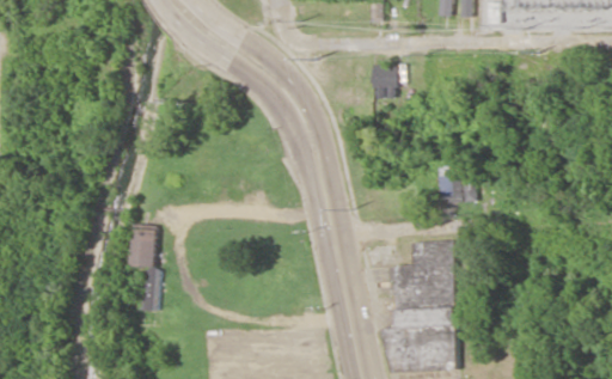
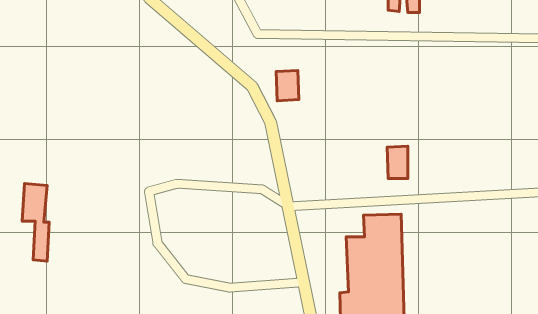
building: [371,65,396,98] -> [276,70,299,101]
building: [130,225,160,311] -> [22,183,49,261]

